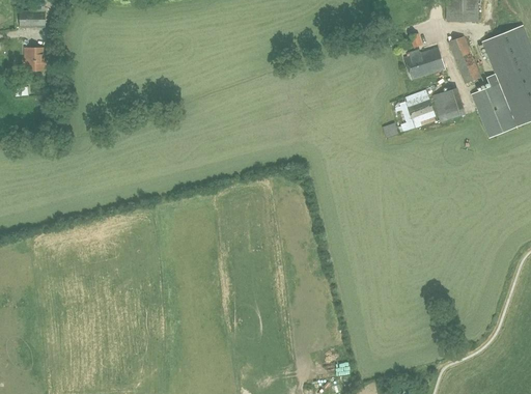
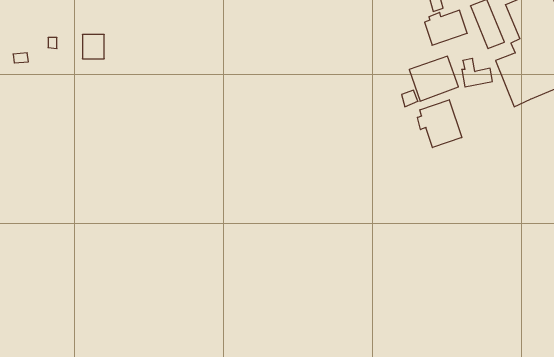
building: [25,47,46,69] -> [82,35,104,59]
building: none -> [417,100,462,148]

